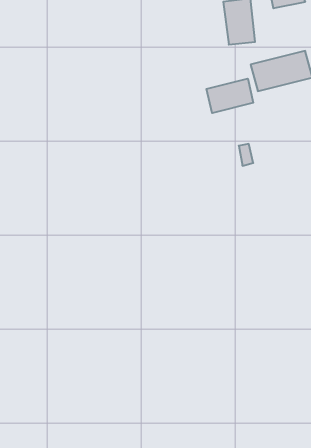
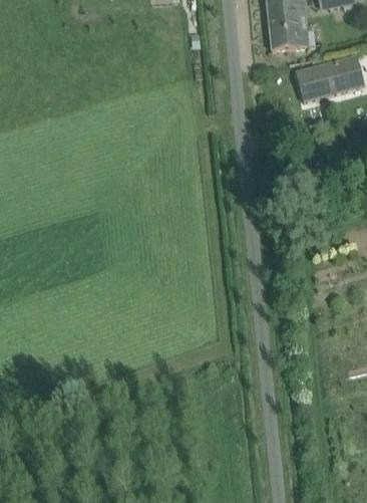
building: [206,79,253,113] -> none

